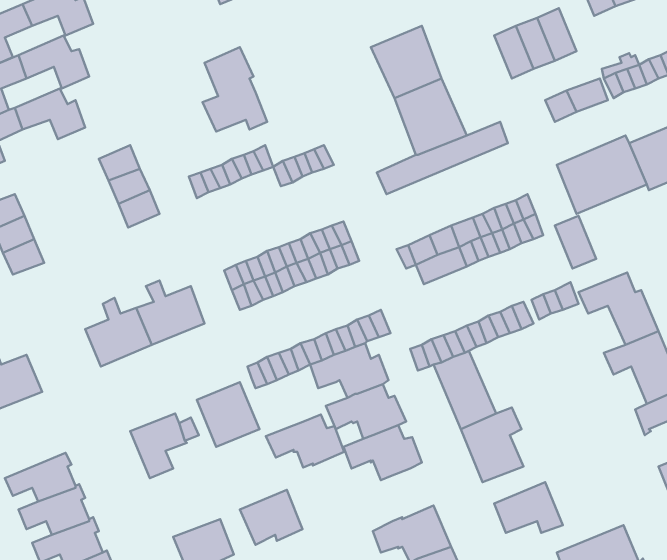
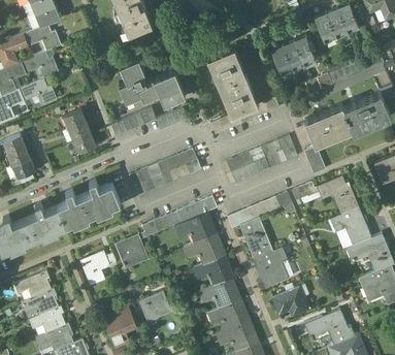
building: none -> [146,70,186,104]
building: none -> [26,203,65,239]
building: [266,415,344,467] -> [199,280,240,308]

